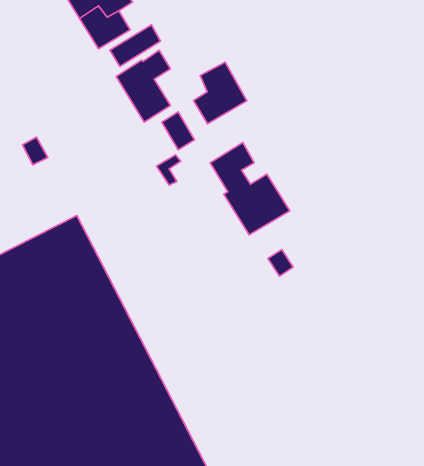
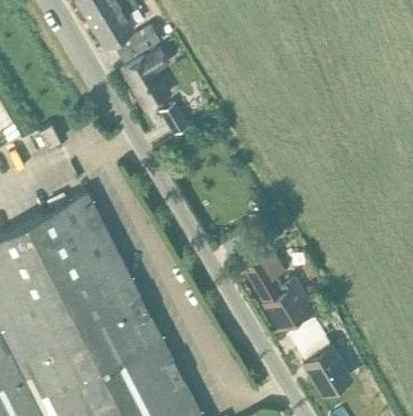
building: [194,62,247,124] -> none
building: [210,143,290,235] -> [244,253,314,333]
building: none -> [289,319,352,397]

